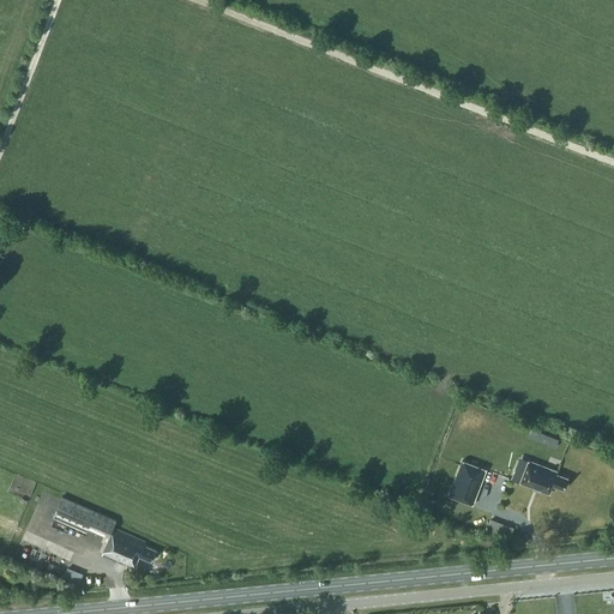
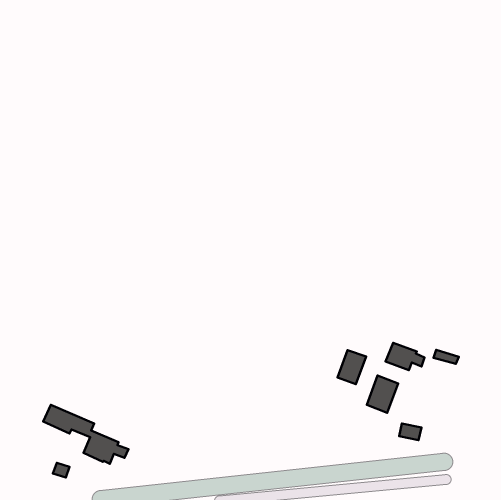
building: none -> [338,350,366,384]
building: [519,460,567,494] -> [385,343,425,370]

